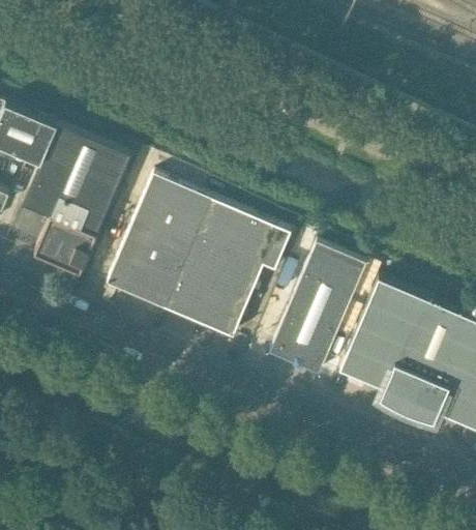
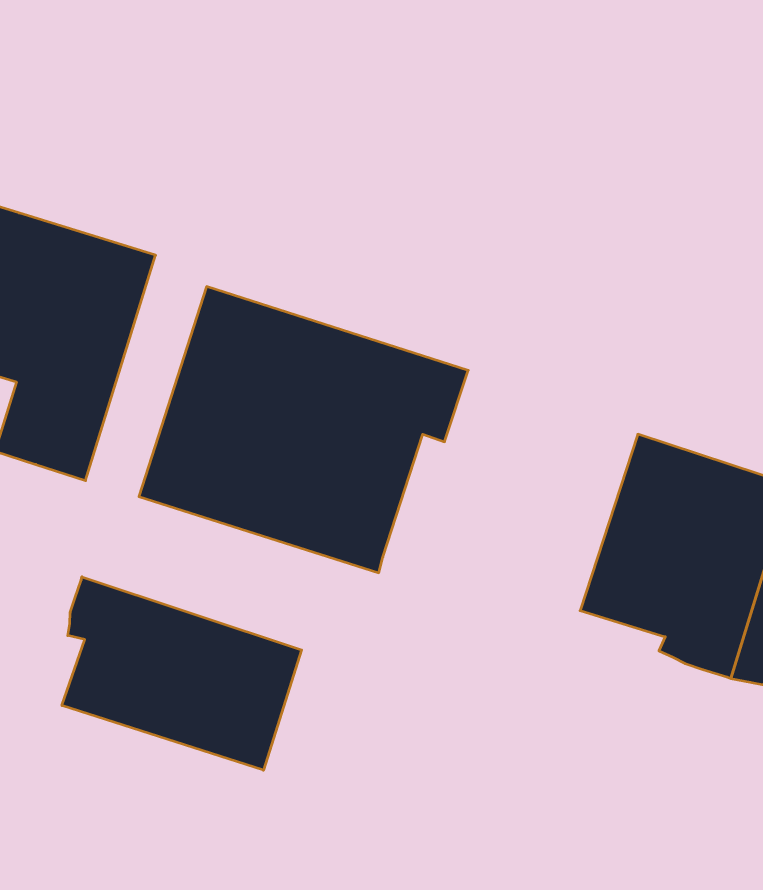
building: [268,244,364,375] -> none
building: none -> [62,577,302,770]

